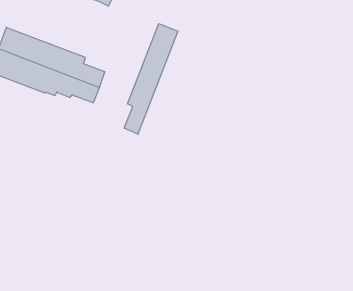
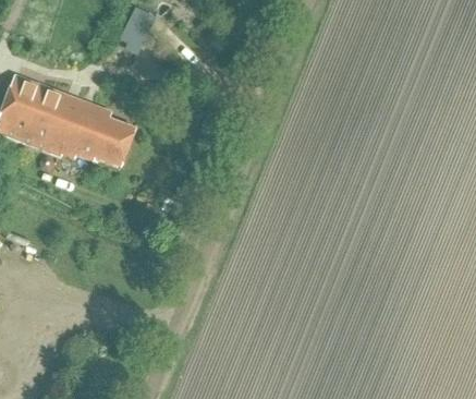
building: [124,24,178,134] -> none

